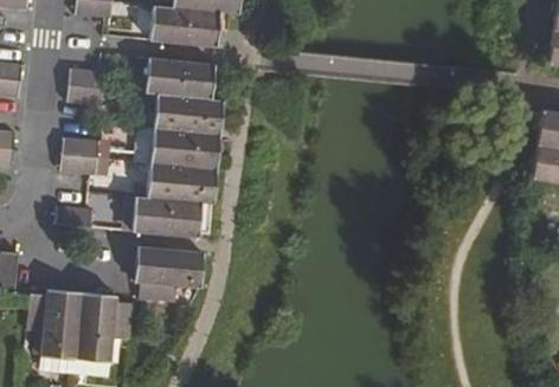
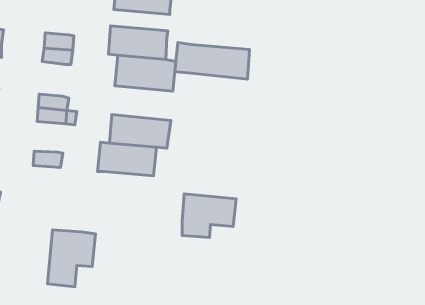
building: [131,125,218,168] -> [175,42,249,79]
building: [137,245,200,296] -> [182,194,236,238]
building: [24,289,78,357] -> none

